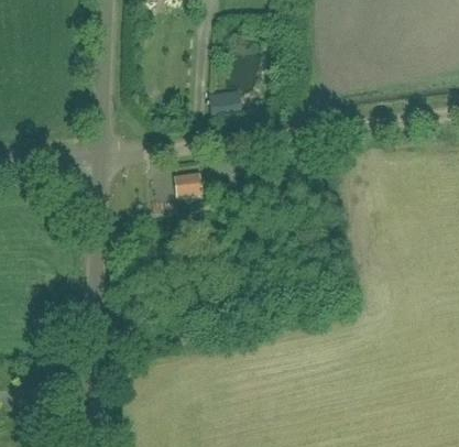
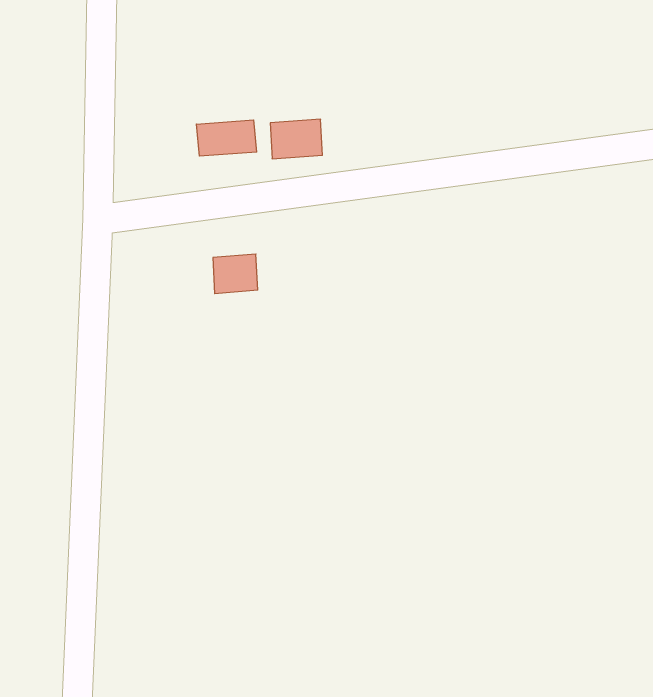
building: none -> [196,120,257,156]

